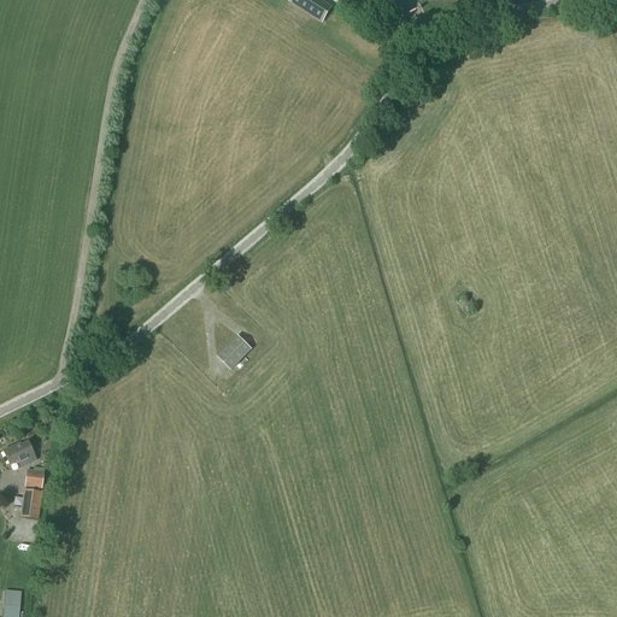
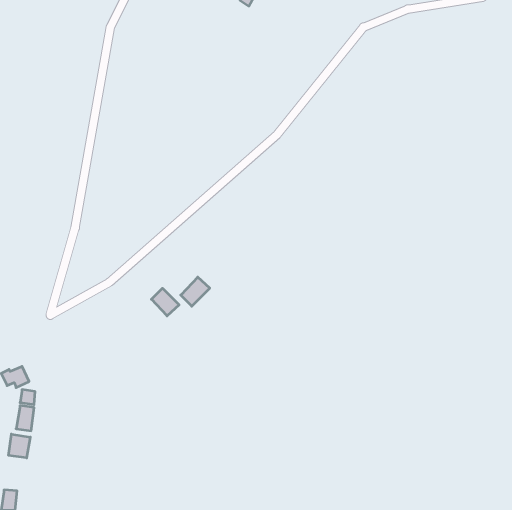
building: none -> [151,288,179,316]
building: none -> [9,434,30,458]

